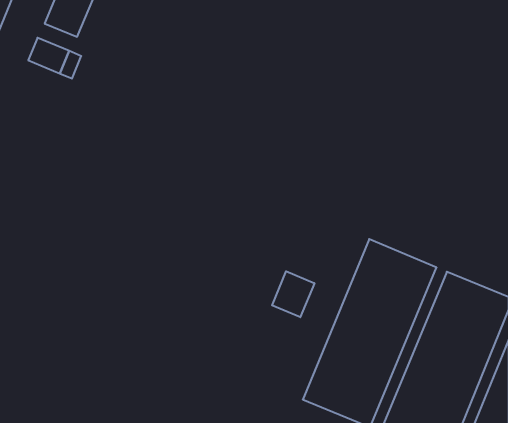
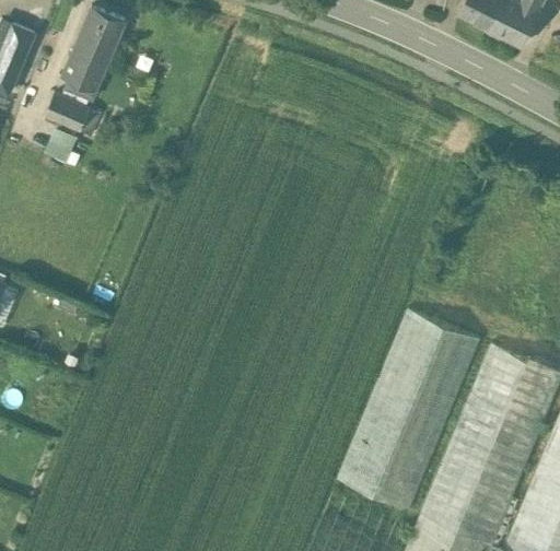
building: none -> [45,128,77,160]
building: [272,271,314,317] -> none

